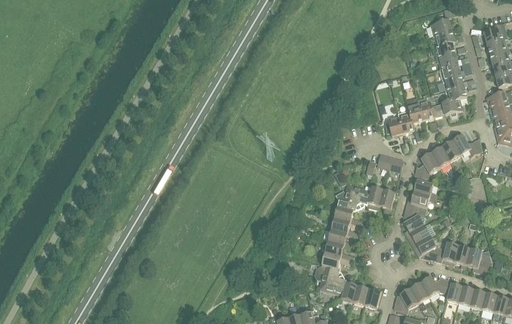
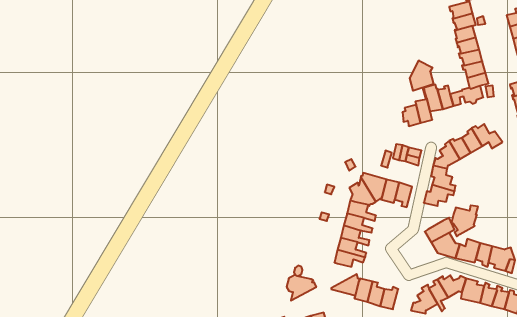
building: none -> [410,60,434,91]
building: [402,206,427,235] -> [451,205,478,236]
building: [315,264,343,288] -> [287,275,316,301]

